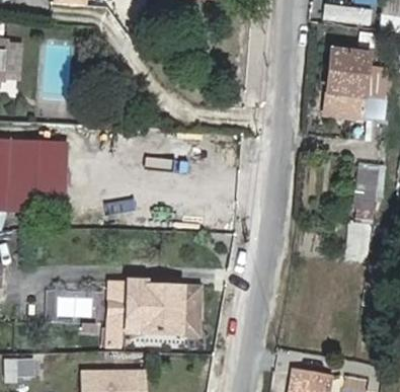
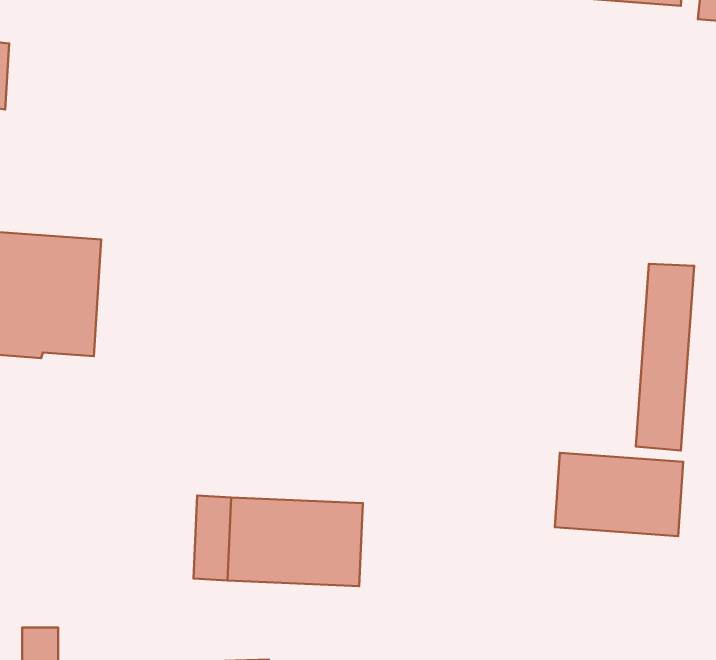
building: [327,51,374,117] -> none
building: none -> [555,453,683,536]

